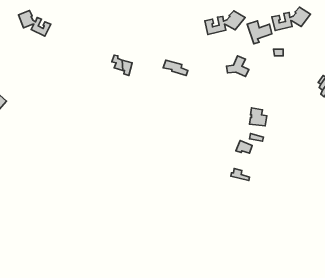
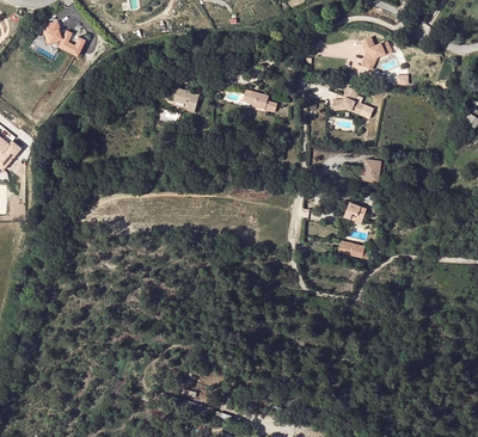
building: [272,7,311,31] -> none
building: [205,11,245,34] -> none

